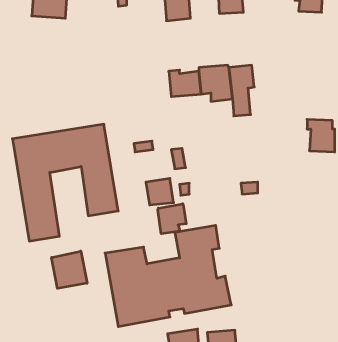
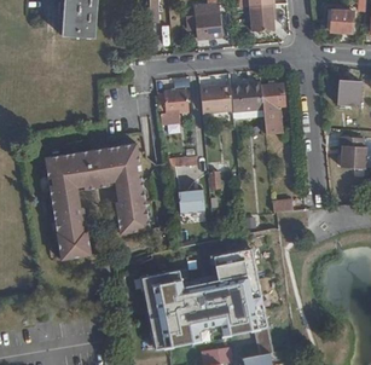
building: none -> [337,80,360,106]
building: none -> [162,88,185,114]
building: [158,204,186,234] -> none
building: [52,251,87,288] -> none

